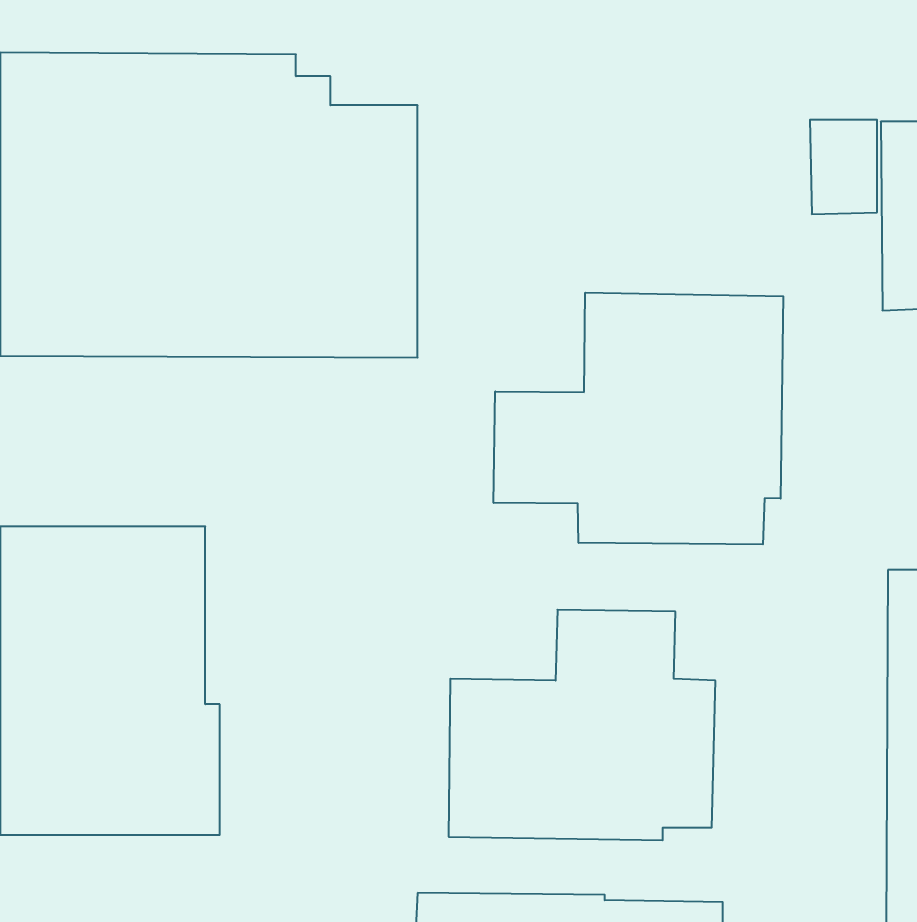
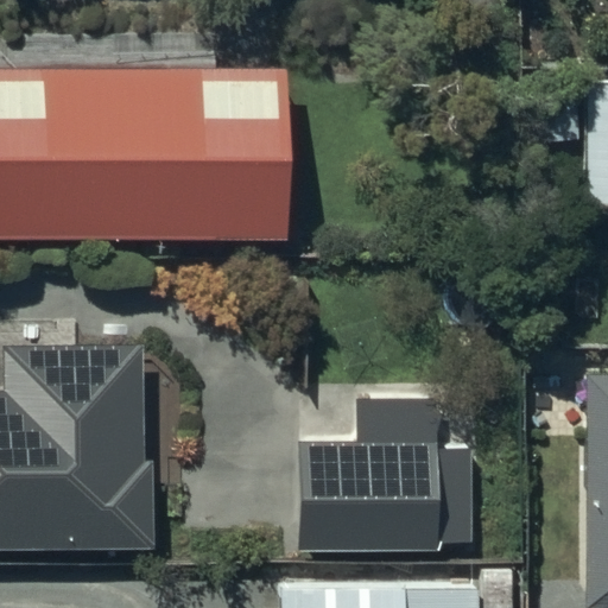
building: [494,293,783,544] -> none

